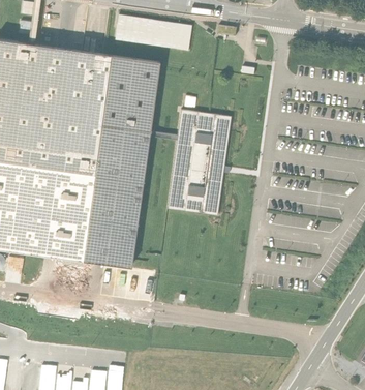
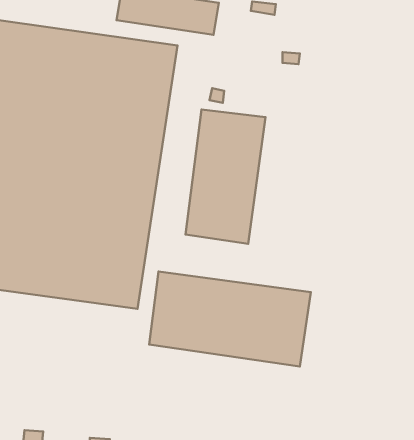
building: none -> [149,271,311,366]

